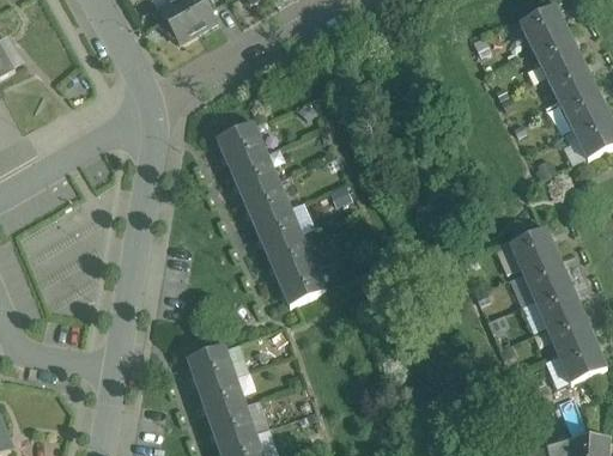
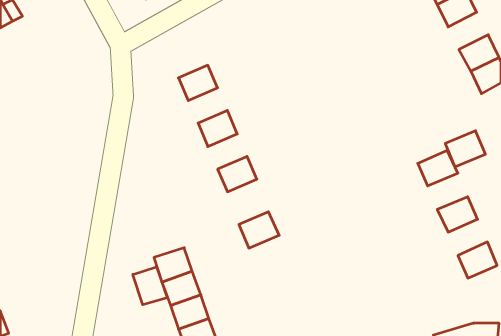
building: [547,59,596,104] -> none
building: [230,151,278,194] -> none
building: [254,207,302,250] -> none
building: [522,255,571,299] -> [445,131,485,167]
building: [278,262,327,306] -> [239,212,279,248]
building: [547,311,595,355] -> none
building: none -> [133,267,167,305]

